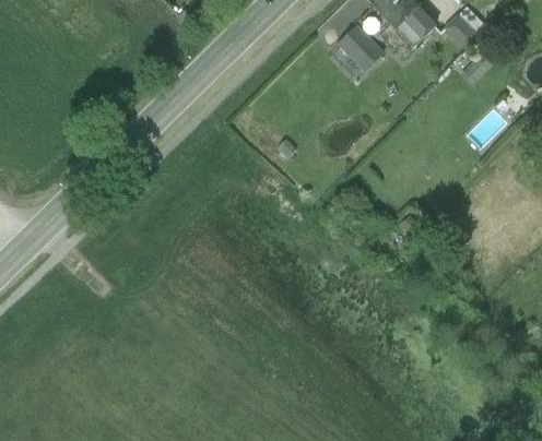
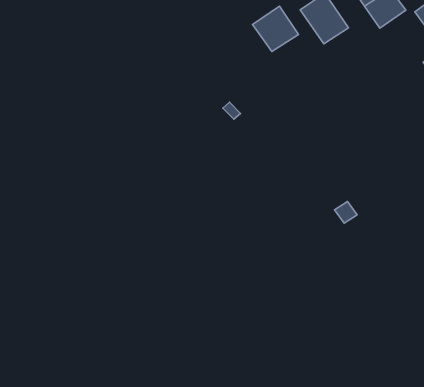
building: none -> [252,6,298,52]

